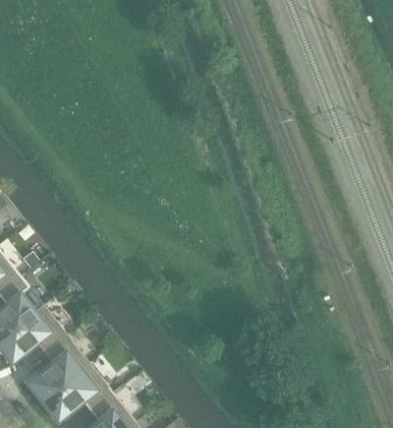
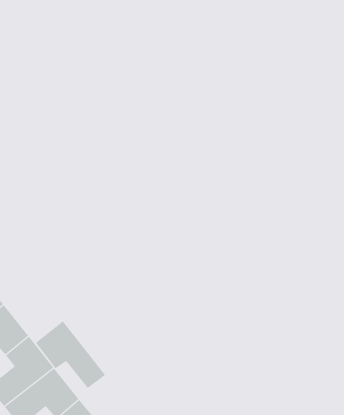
building: none -> [35,320,106,389]

